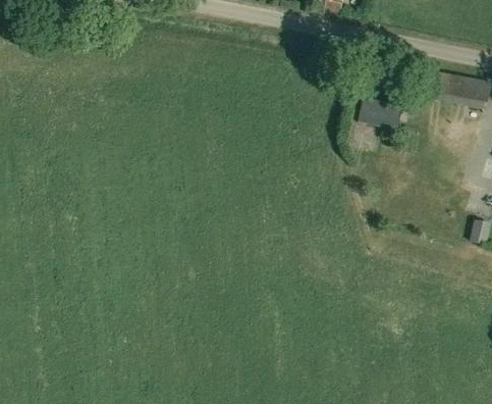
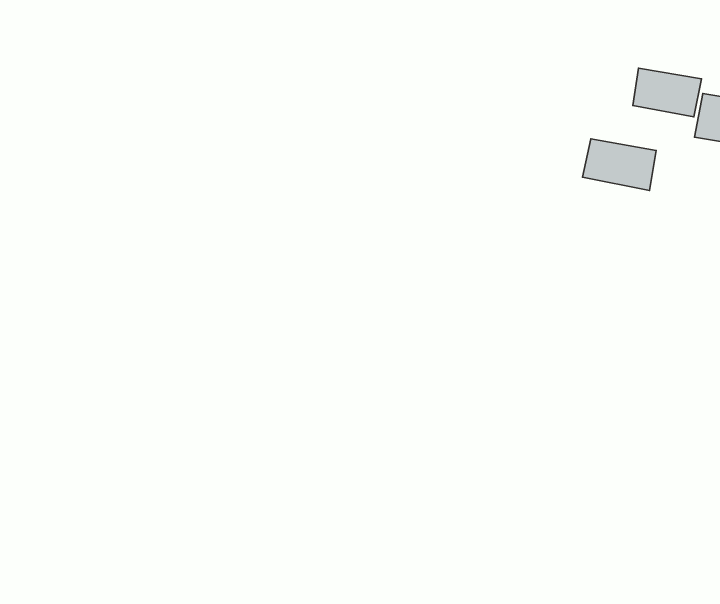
building: none -> [633,68,702,117]

